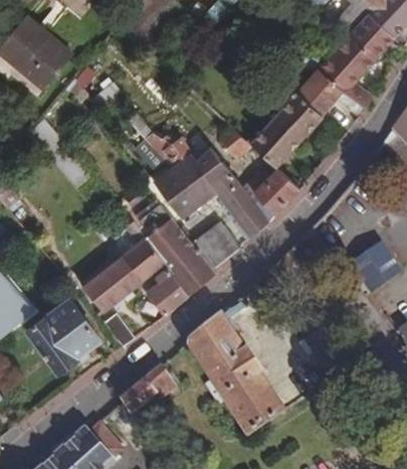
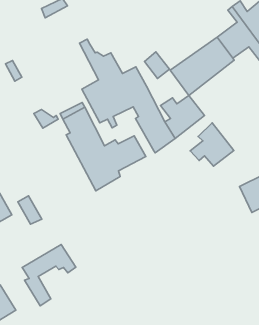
building: none -> [190,123,234,166]
building: [82,237,189,315] -> none
building: [189,313,282,434] -> none

